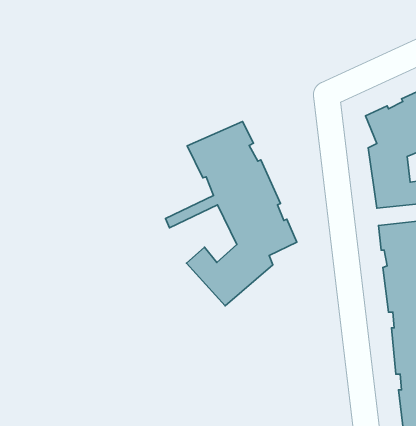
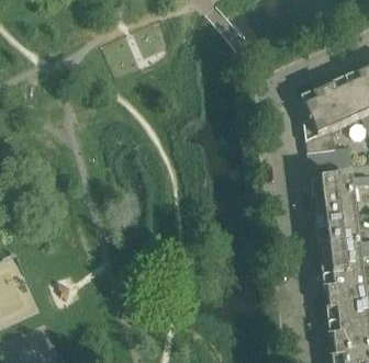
building: [166,121,297,306] -> none

